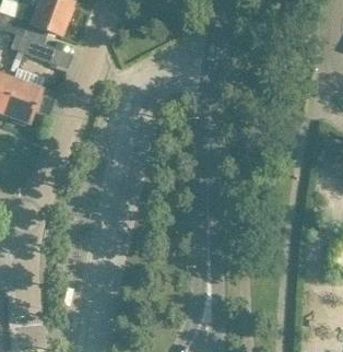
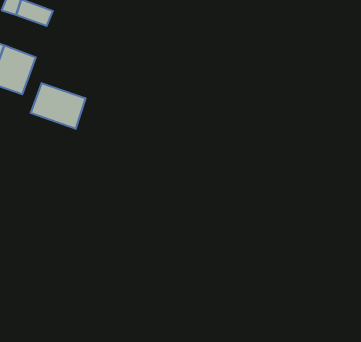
building: none -> [31,83,85,129]

